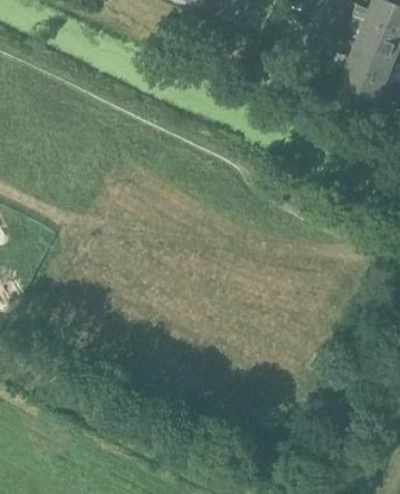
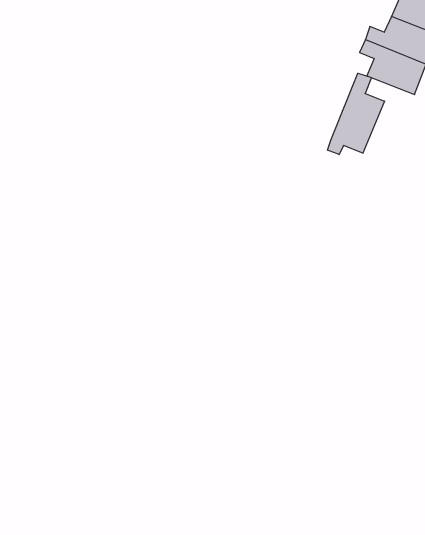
building: none -> [328,73,385,155]

